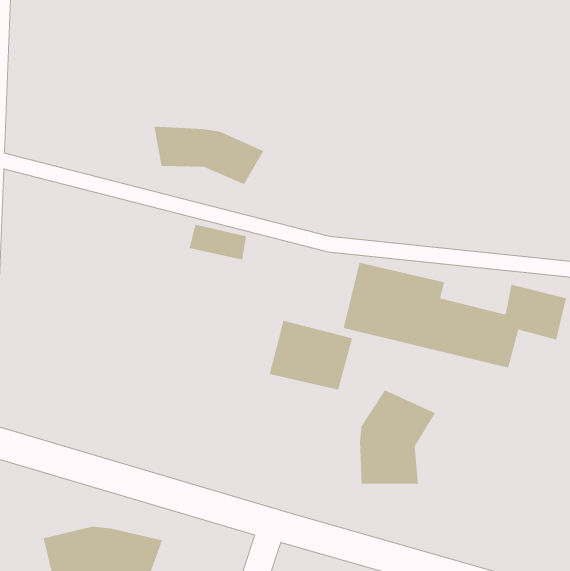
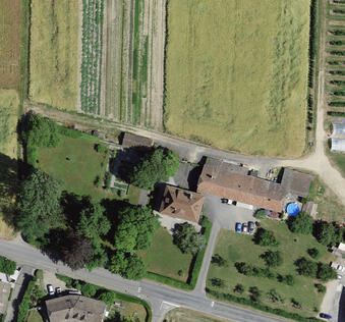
building: [154,126,264,185] -> none
building: [360,390,436,485] -> none

